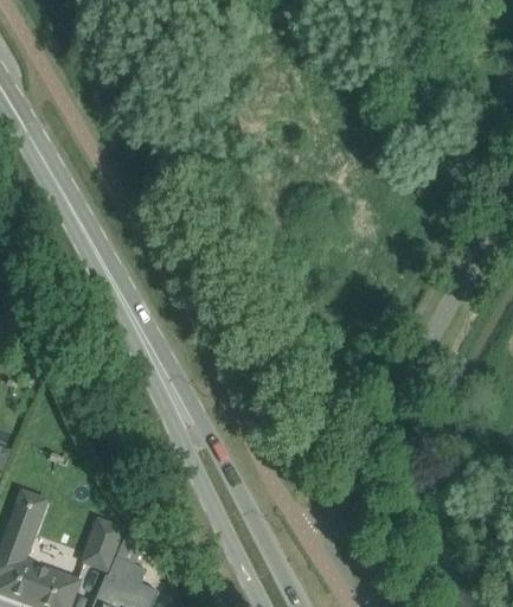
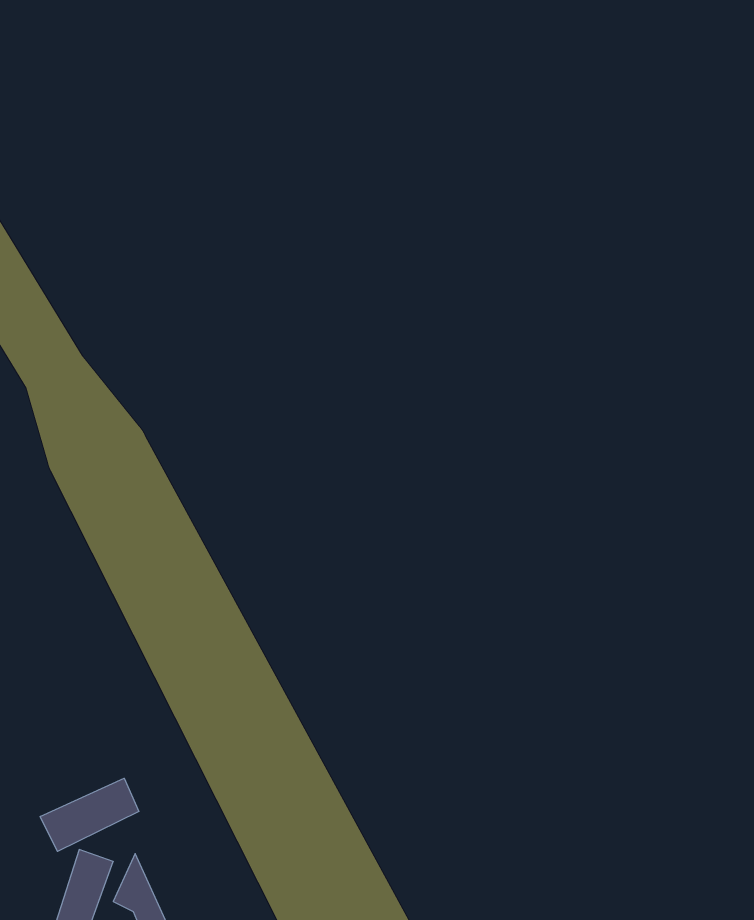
building: none -> [40,778,139,851]

